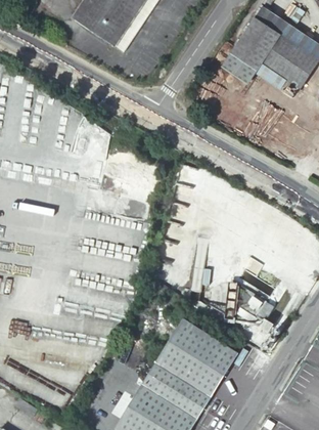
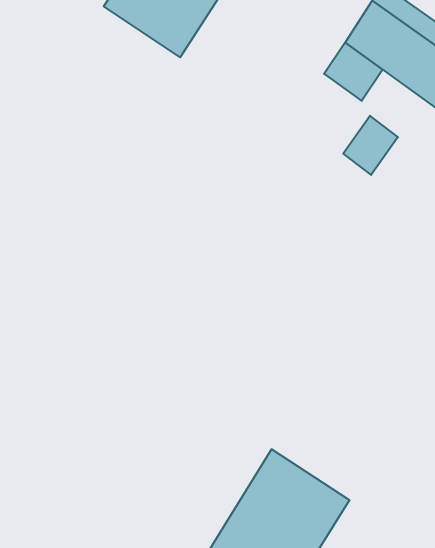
building: none -> [343,116,398,175]

